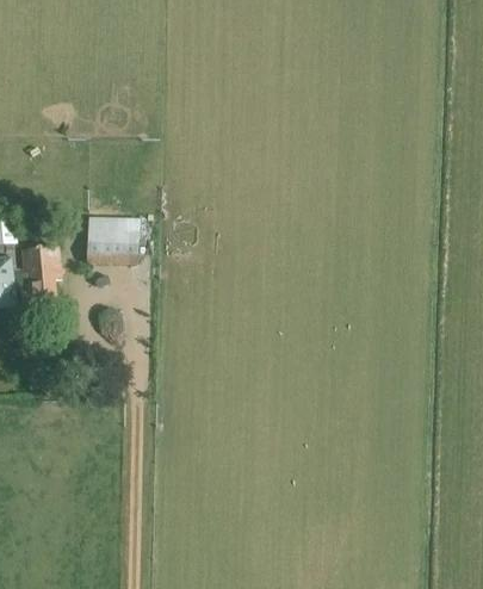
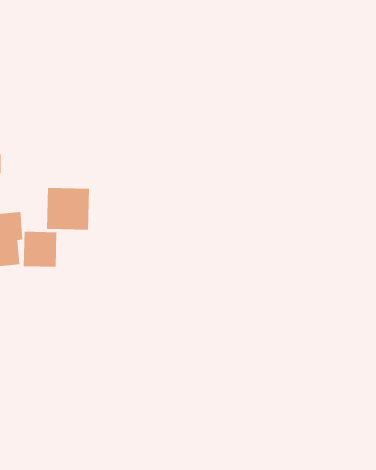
building: none -> [23,231,57,268]

